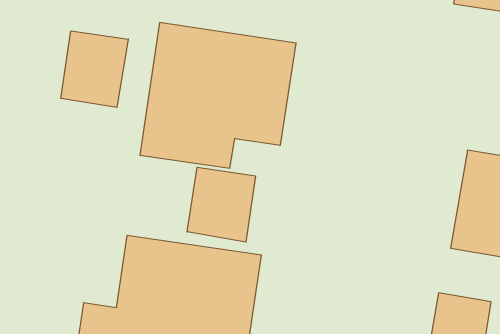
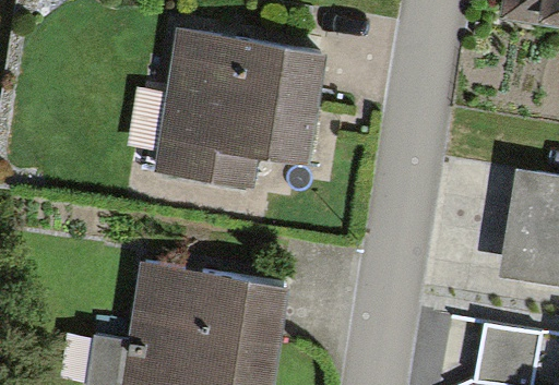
building: [61,31,128,107] -> none
building: [187,167,255,242] -> none

